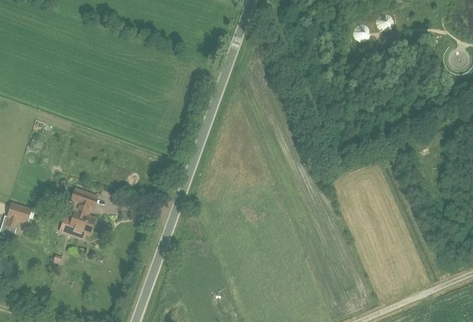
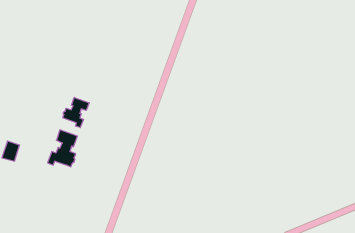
building: none -> [63,97,89,128]

